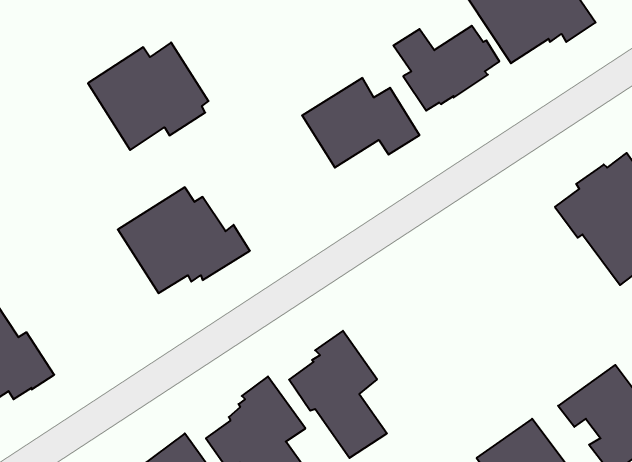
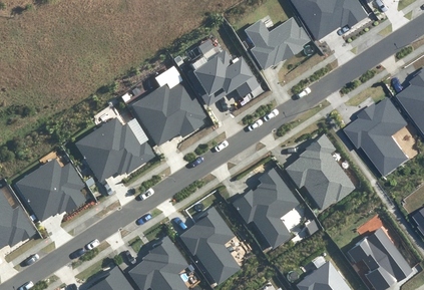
building: [88,42,209,150] -> [131,80,205,147]
building: none -> [284,133,354,209]
building: none -> [15,158,86,222]
building: none -> [232,169,299,249]

